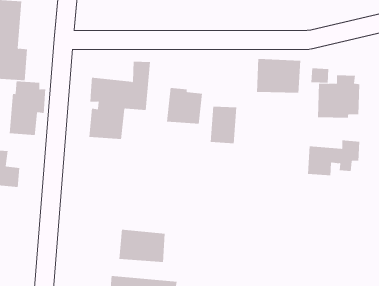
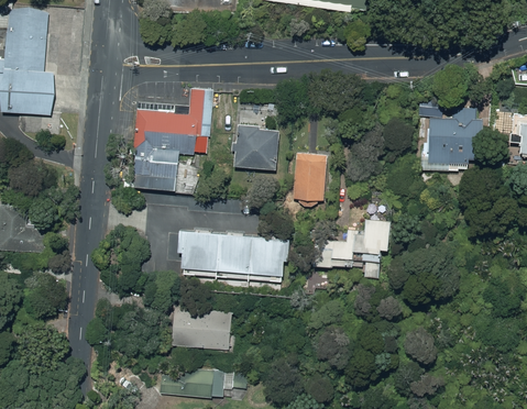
building: [257,58,301,94] -> none
building: [9,80,46,136] -> none
building: [307,140,360,176] -> [322,220,391,266]
building: none -> [176,228,287,281]

